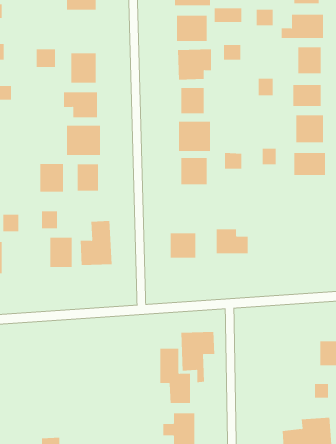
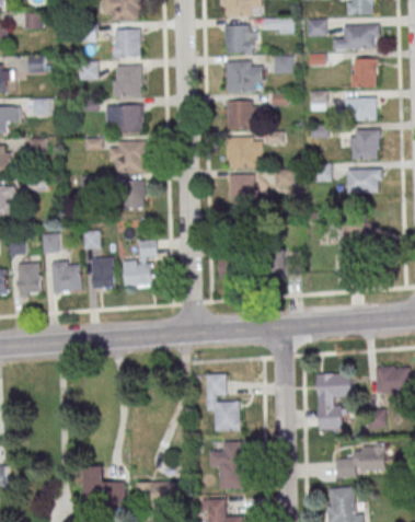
building: none -> [113,28,139,57]
building: [40,163,63,193] -> none
building: none -> [51,260,82,292]
building: [181,332,215,383] -> [315,372,351,426]

